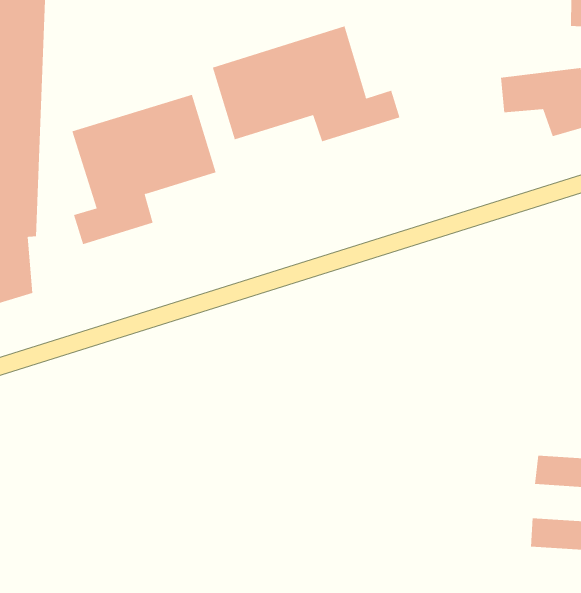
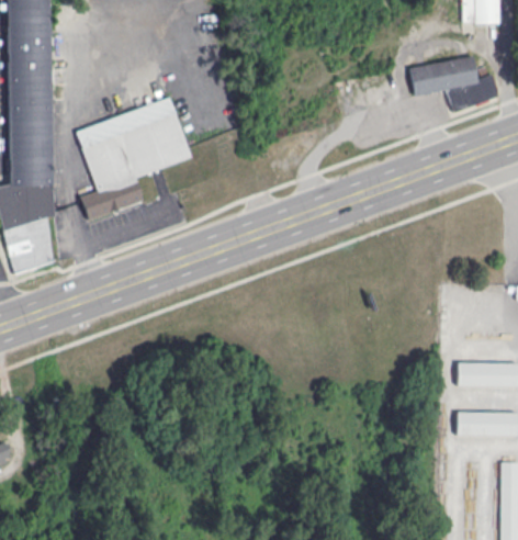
building: [212,26,400,142] -> none

